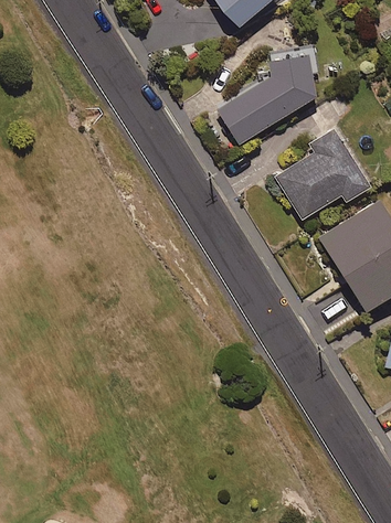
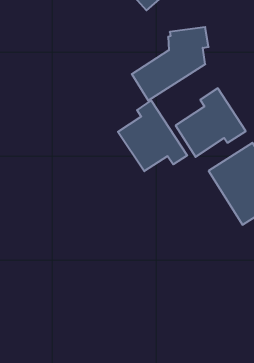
building: none -> [118,100,187,171]

